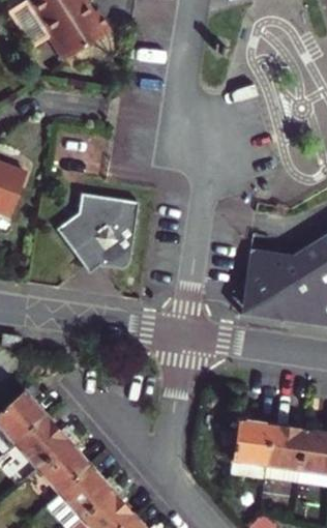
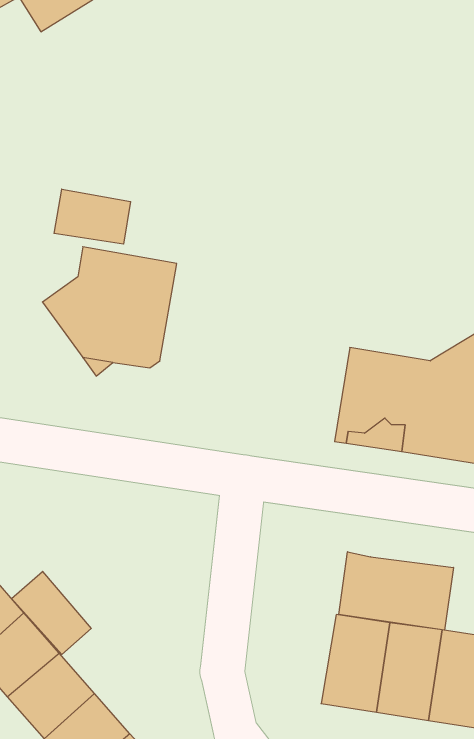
building: none -> [54,189,131,244]
building: none -> [339,552,453,630]
building: none -> [11,571,91,654]

